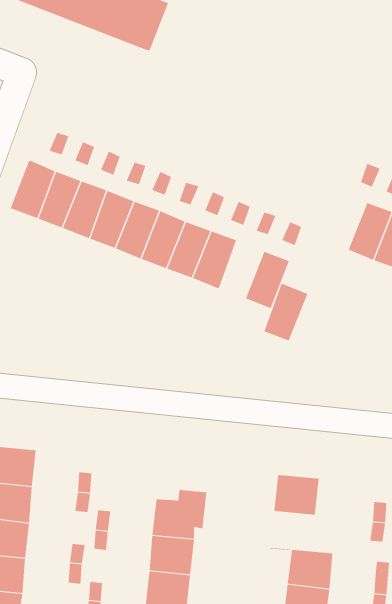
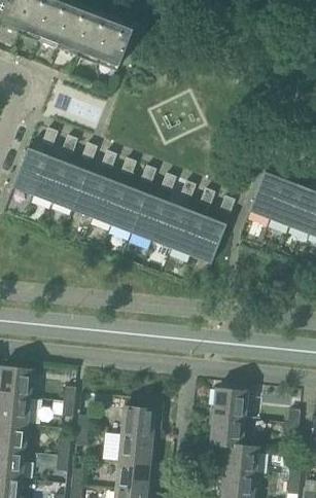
building: none -> [249,173,284,217]
building: [263,283,308,341] -> [172,210,206,254]
building: none -> [210,416,258,448]

